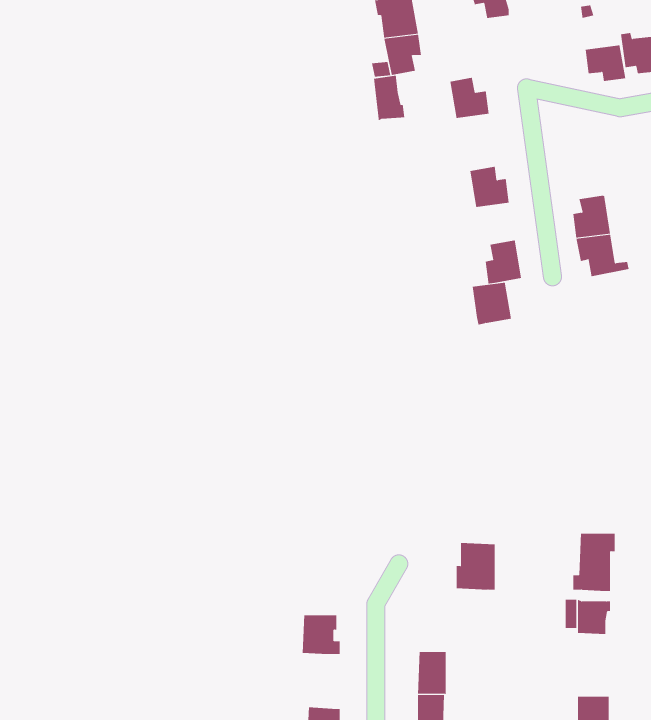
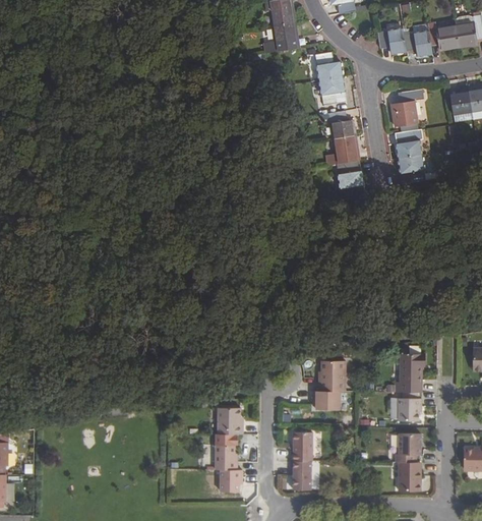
building: none -> [376,27,406,53]
building: [373,75,405,122] -> none
building: none -> [318,76,345,105]
building: none -> [390,90,423,132]
building: [472,282,512,325] -> [332,135,358,164]
building: none -> [312,391,340,410]
building: none -> [216,433,237,470]
building: none -> [396,433,420,462]

